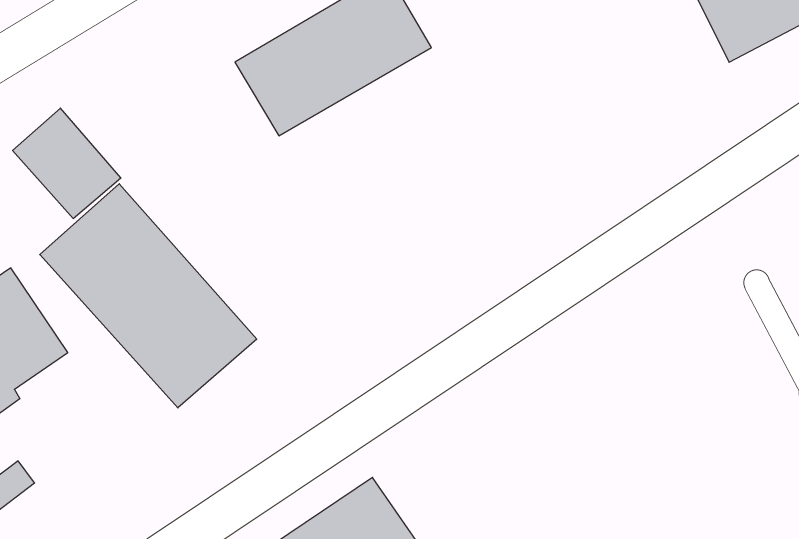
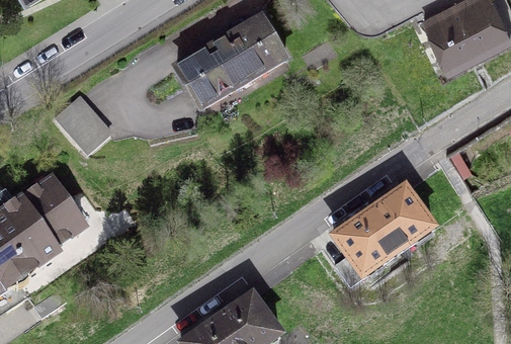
building: [40,184,257,408] -> none
building: none -> [335,188,433,285]

